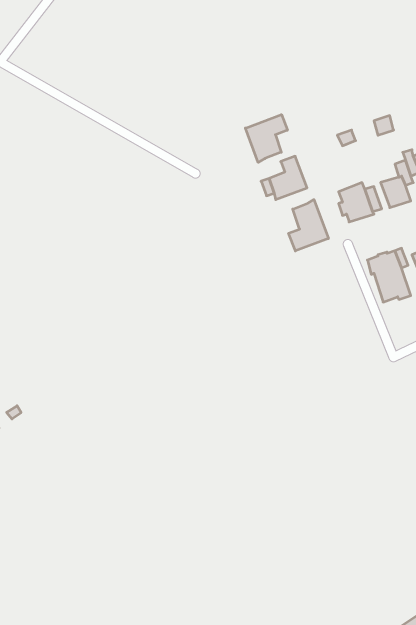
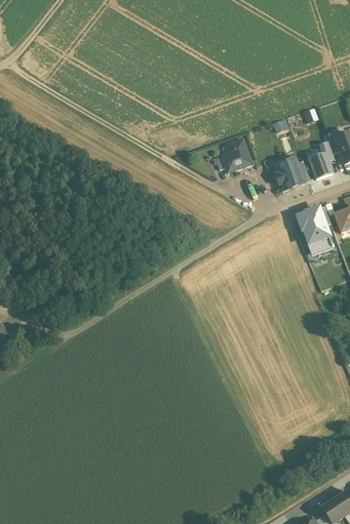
building: [245,115,287,162] -> none
building: [289,200,328,251] -> none

